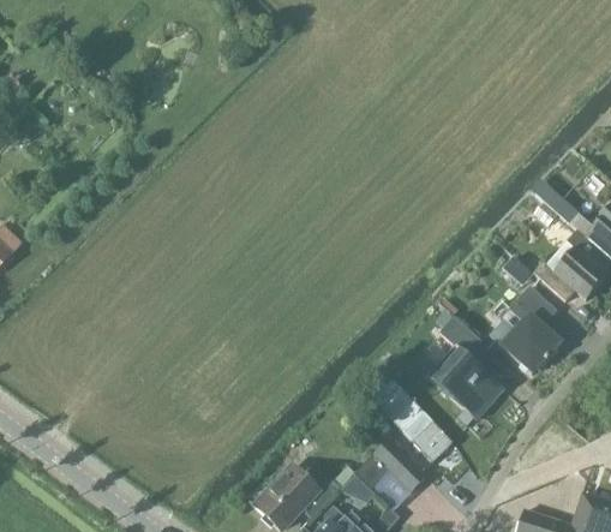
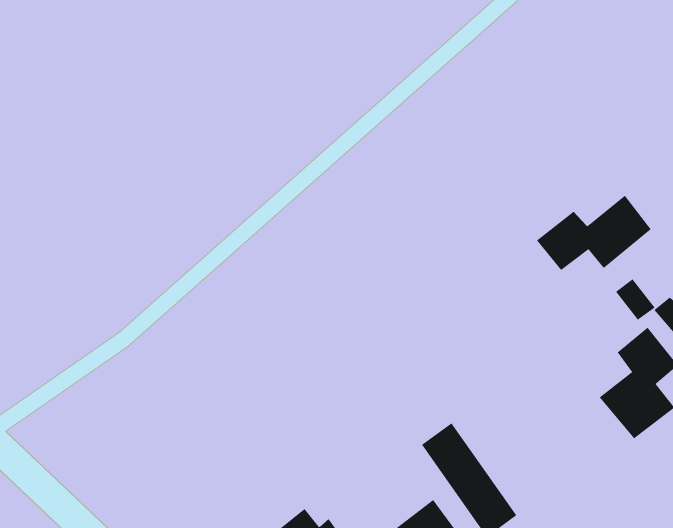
building: none -> [536,195,652,271]
building: [435,318,503,420] -> none

